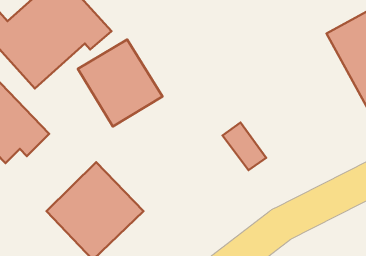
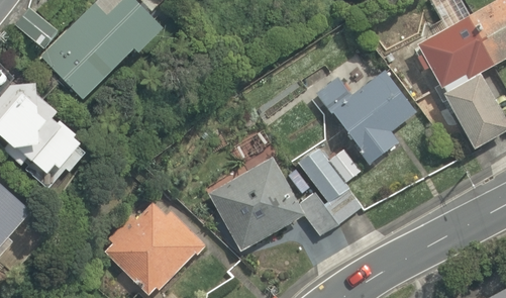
building: [78,40,163,127] -> none
building: none -> [314,67,417,164]
building: none -> [204,129,336,256]

